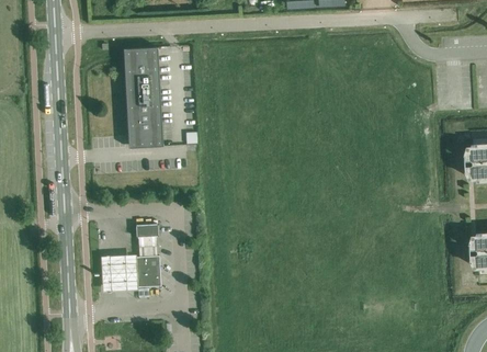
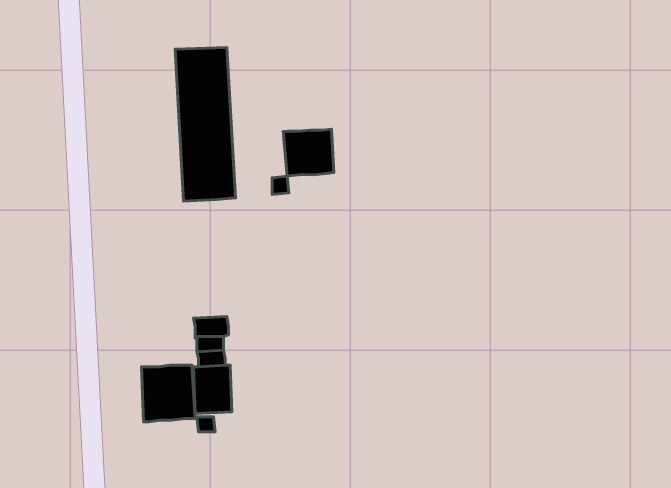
building: none -> [283,129,334,176]

